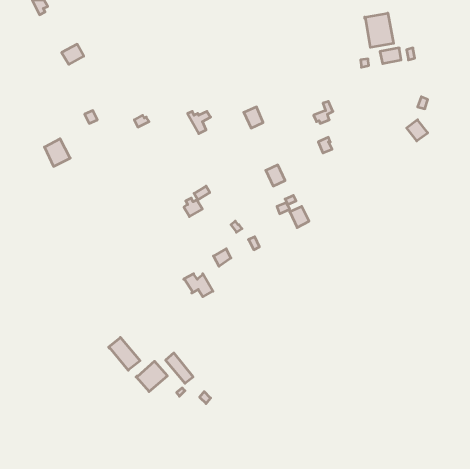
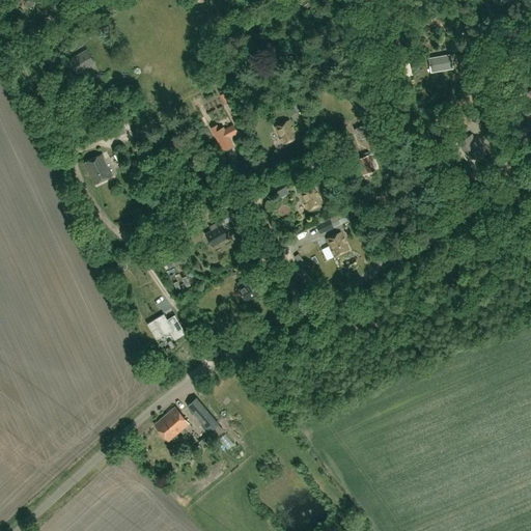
building: [365,13,394,47] -> none
building: [44,139,70,166] -> [84,155,113,186]
building: [184,274,213,297] -> [152,316,186,342]
building: [109,337,140,370] -> none

